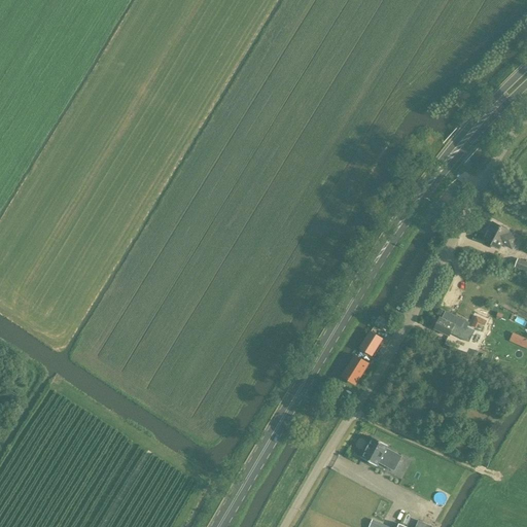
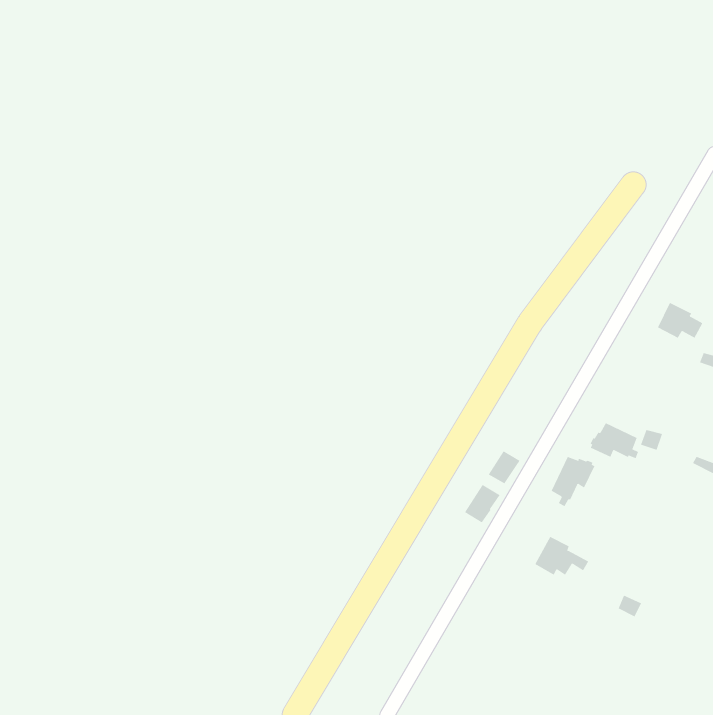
building: none -> [551,456,595,507]
building: [362,438,402,467] -> [535,536,589,575]

